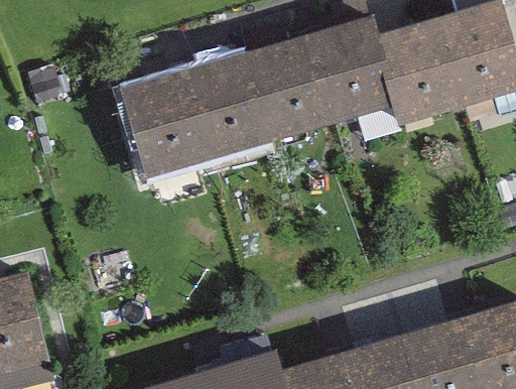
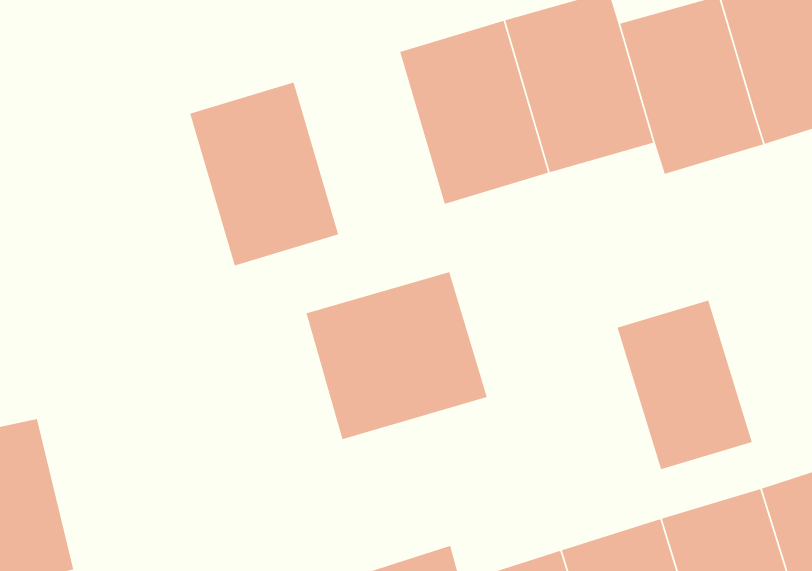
building: [182,51,273,162] -> none
building: none -> [305,271,488,440]
building: none -> [617,299,753,470]

